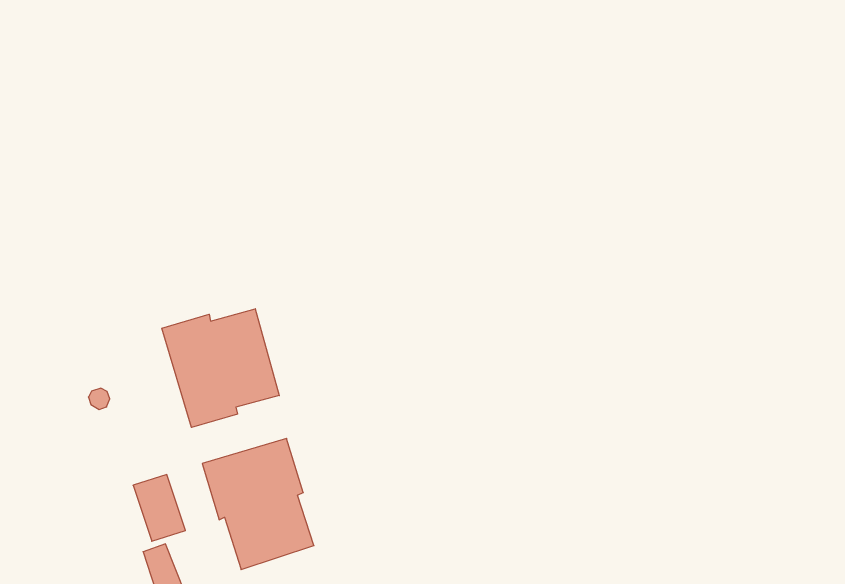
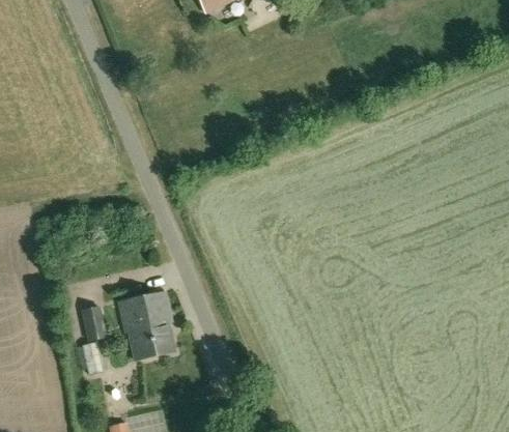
building: [162,309,279,427] -> none

